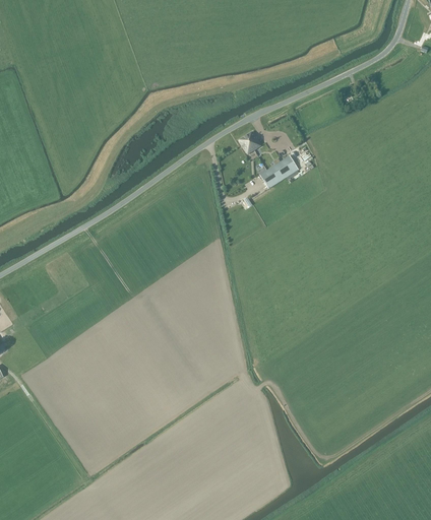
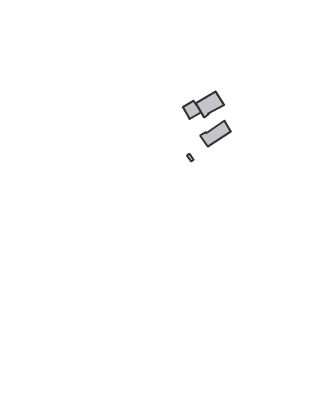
building: none -> [196,91,224,117]

